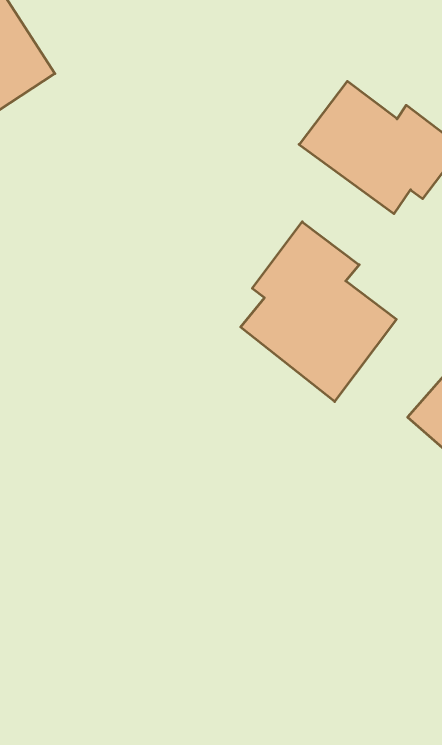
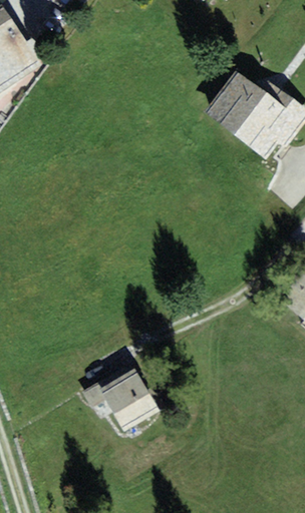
building: [241,222,396,402] -> none
building: none -> [82,366,160,432]

